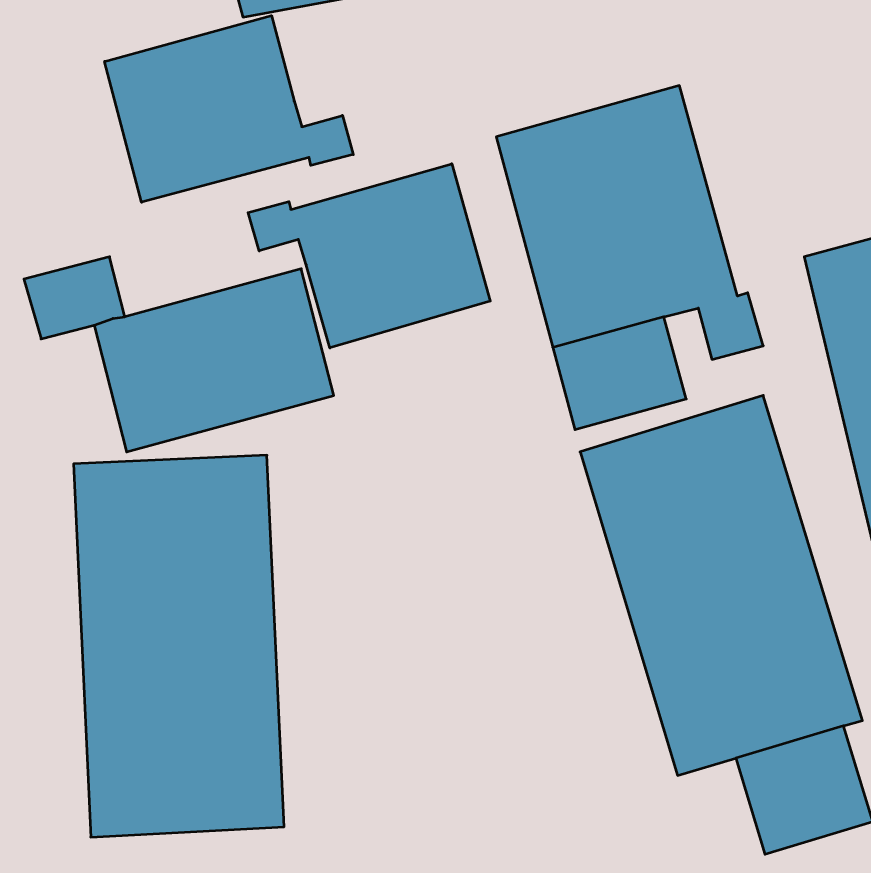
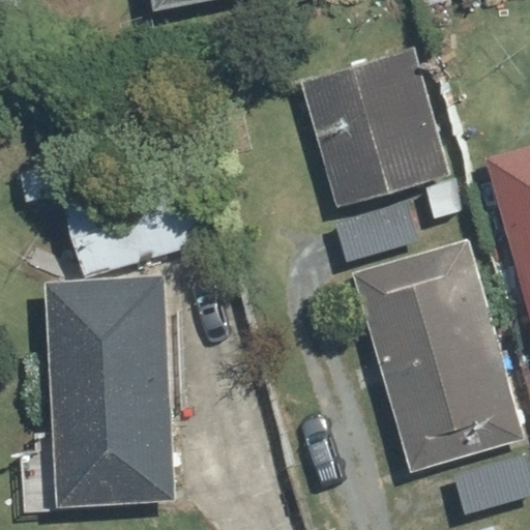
building: [105,16,353,202] -> none
building: [248,164,490,348] -> none

